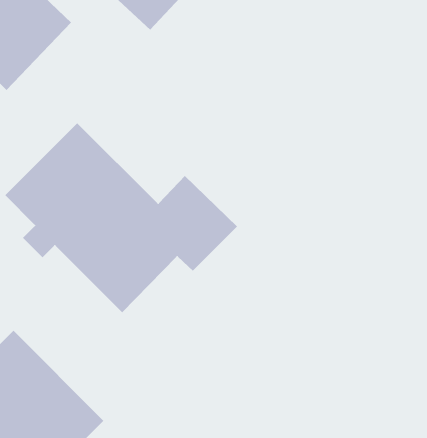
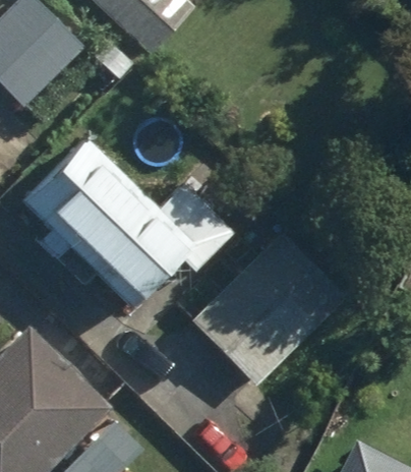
building: none -> [192,230,346,383]

